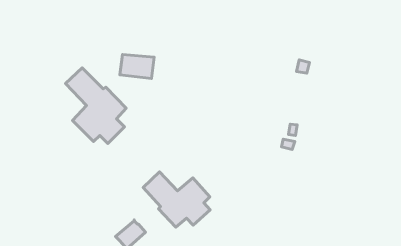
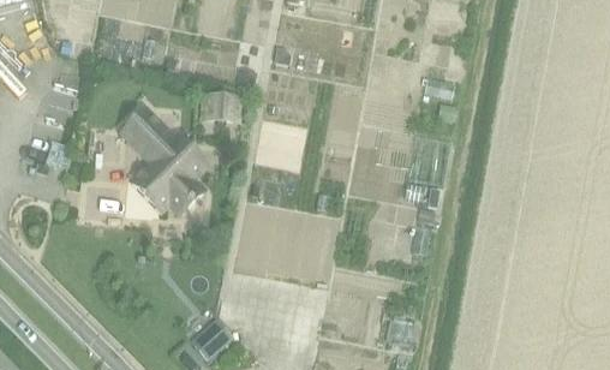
building: [143,172,210,227] -> none

